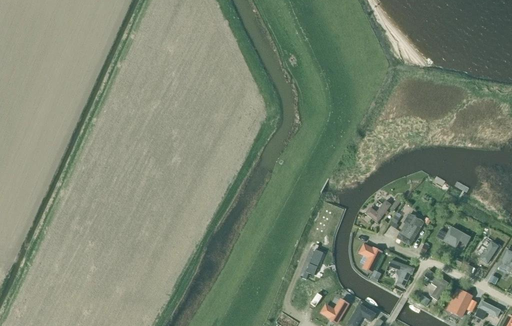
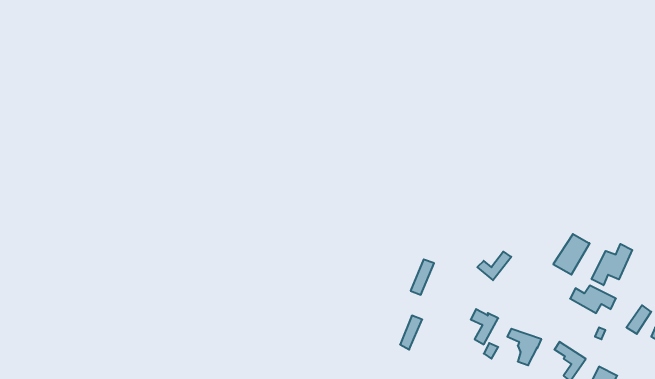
building: none -> [592,244,632,285]
building: [396,214,424,245] -> [553,234,590,275]

